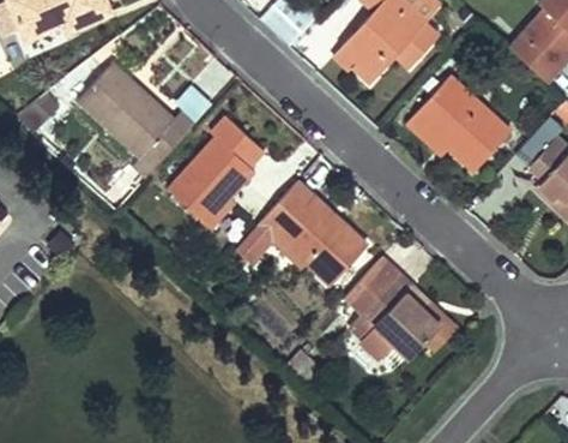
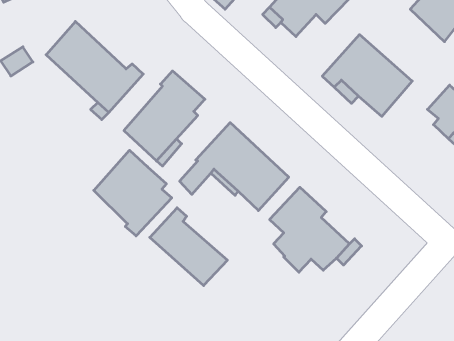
building: none -> [94,150,172,236]
building: none -> [150,208,227,286]

